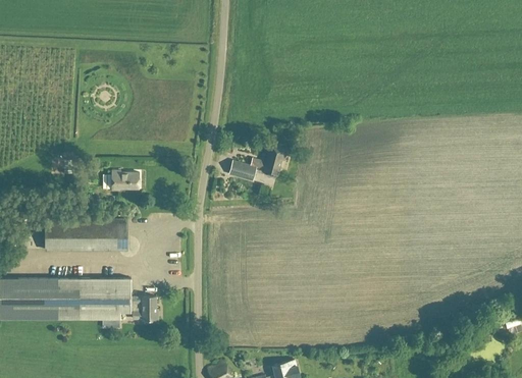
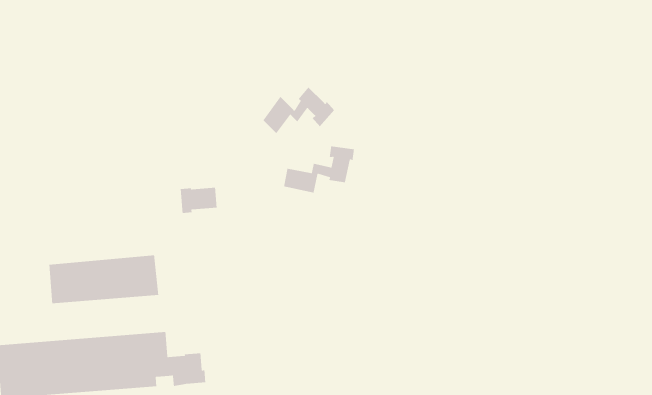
building: none -> [263,86,335,134]
building: [111,171,139,191] -> [180,187,217,214]

